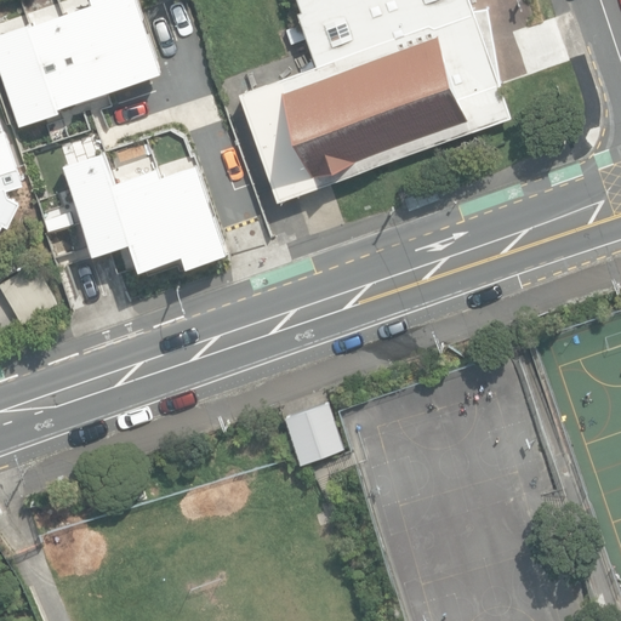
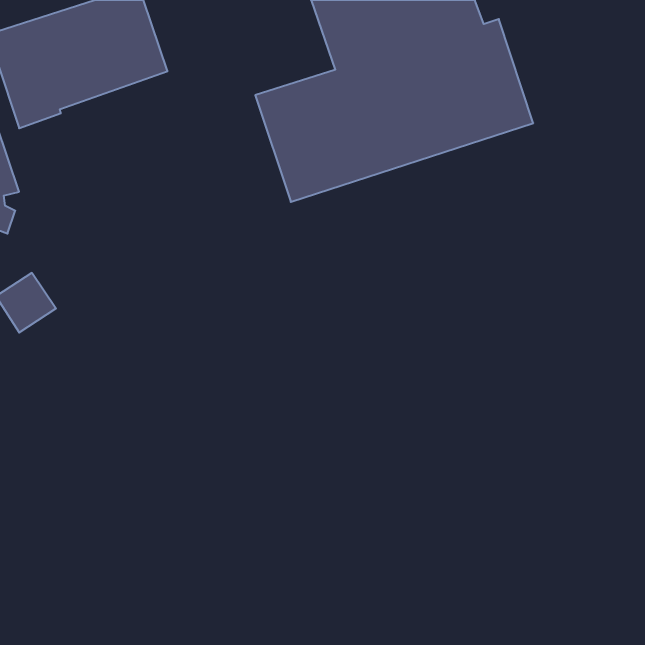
building: [61,148,226,267] -> none
building: [283,404,342,467] -> none

